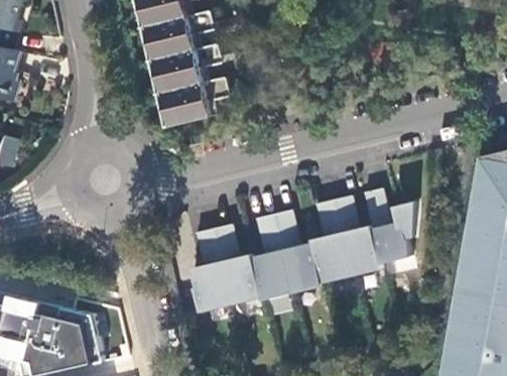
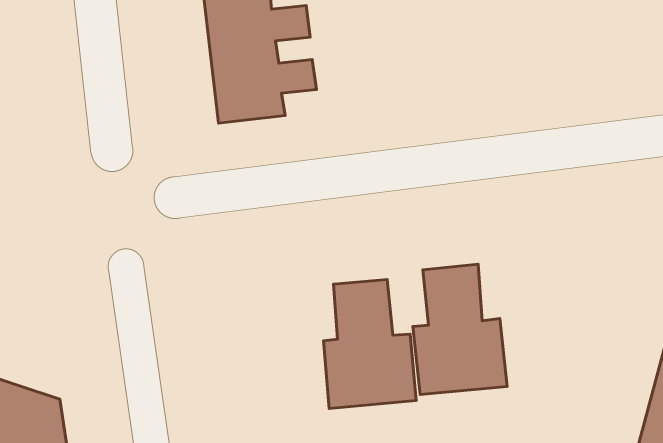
building: [366,194,416,268] -> none
building: [193,223,258,311] -> none

